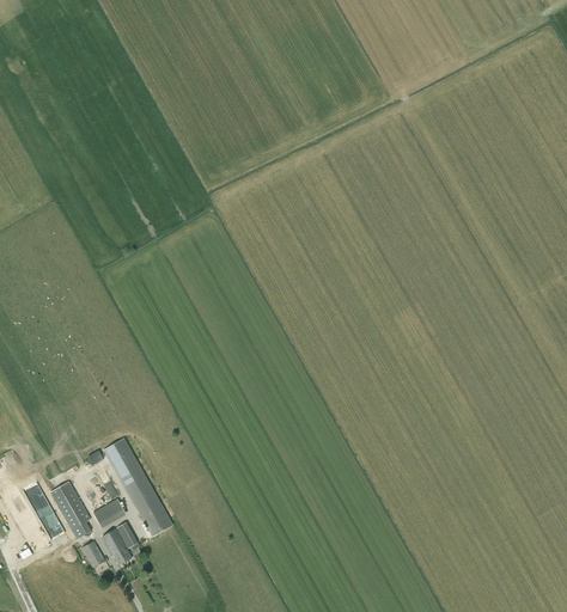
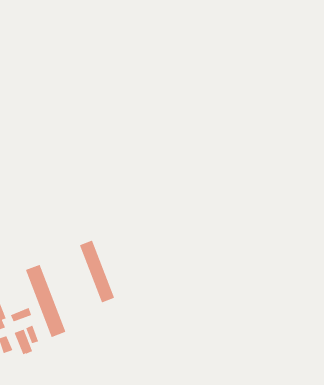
building: none -> [79,240,115,303]

